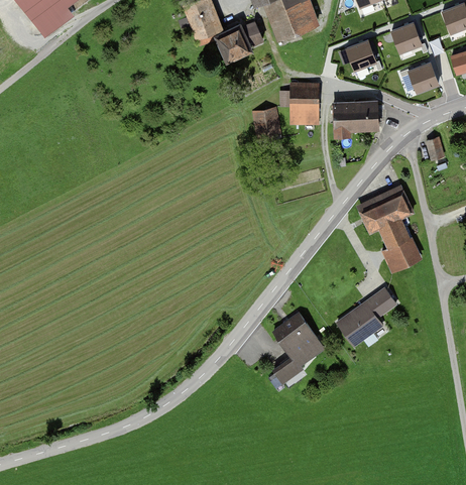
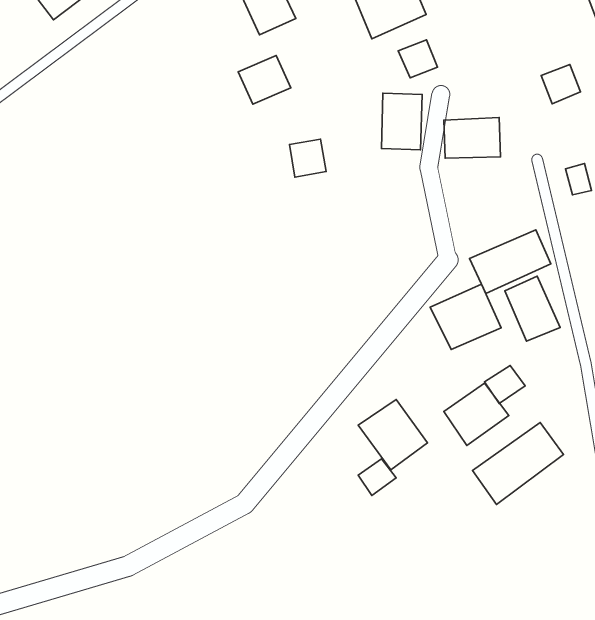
building: [391,23,421,51] -> none
building: [218,26,257,63] -> [238,55,291,104]
building: [345,40,374,69] -> [398,40,437,78]
building: [253,106,280,134] -> [289,139,326,177]
building: none -> [430,284,501,349]
building: none -> [472,423,564,505]

